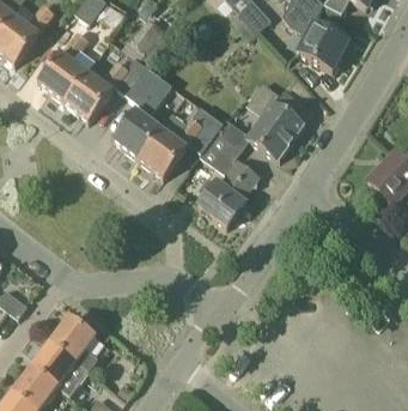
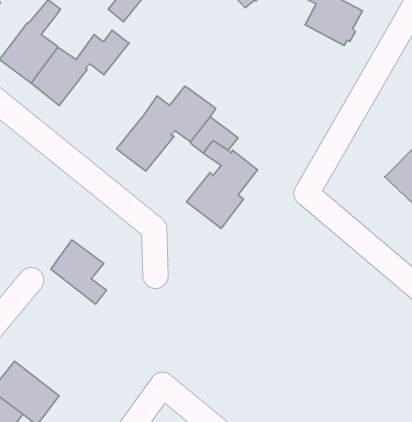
building: [110,68,171,159] -> none
building: [245,84,312,161] -> none
building: [49,316,97,371] -> [51,240,107,304]

